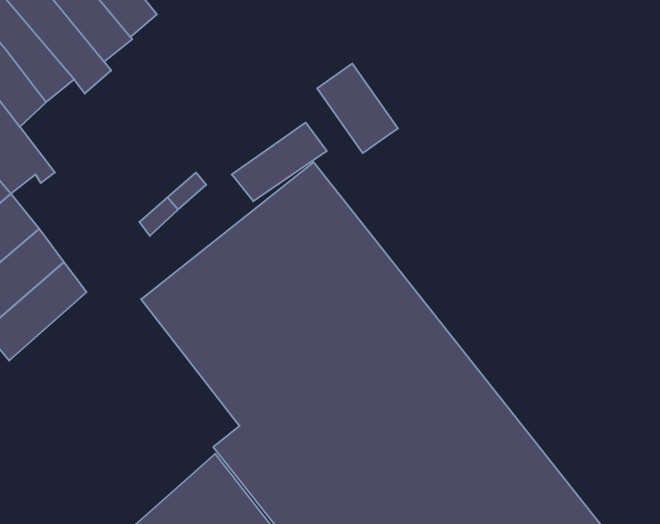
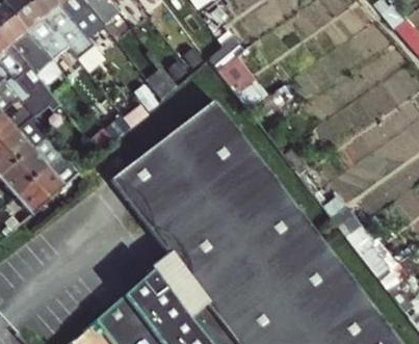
building: [232,123,327,201] -> none

